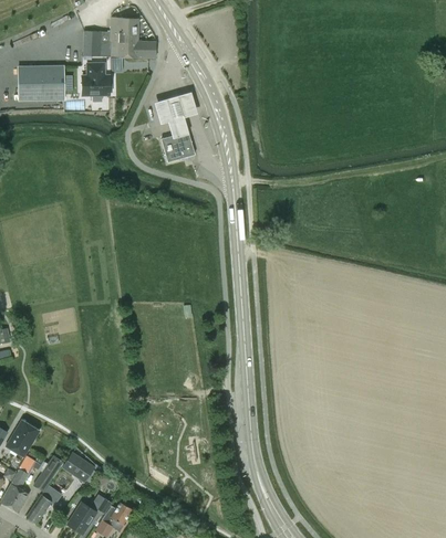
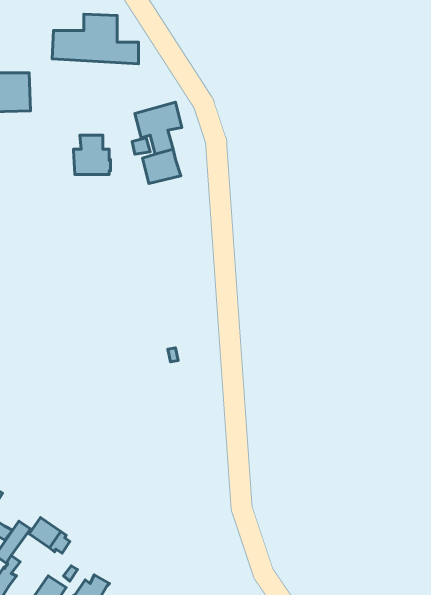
building: [80,61,112,95] -> [74,135,110,175]

